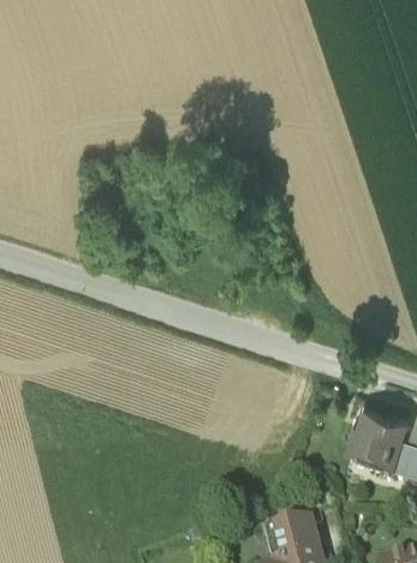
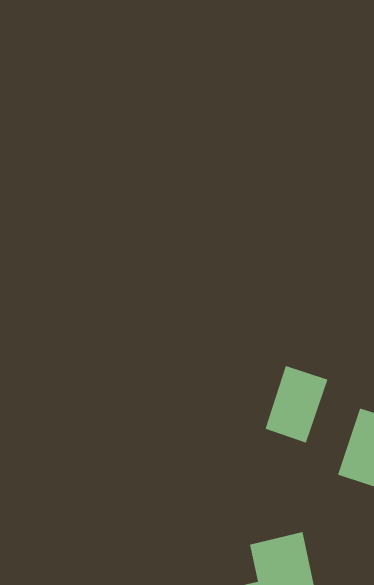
building: none -> [265,365,328,443]

